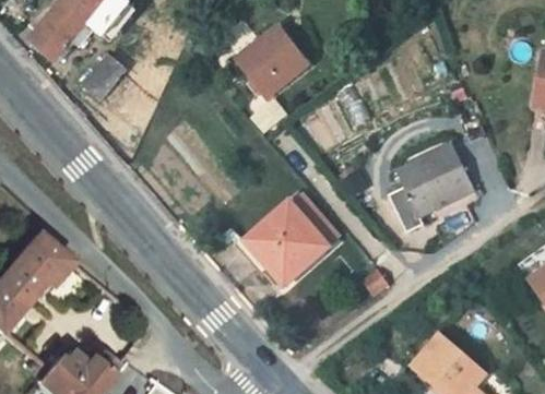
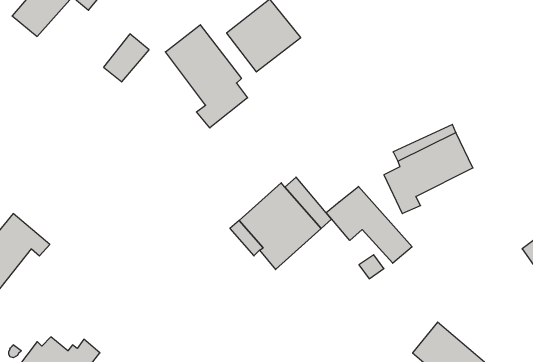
building: none -> [165,25,248,128]
building: [83,53,127,99] -> [104,34,149,82]
building: none -> [326,186,412,263]

